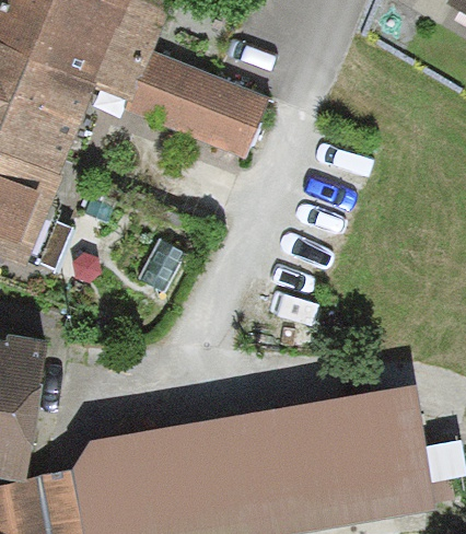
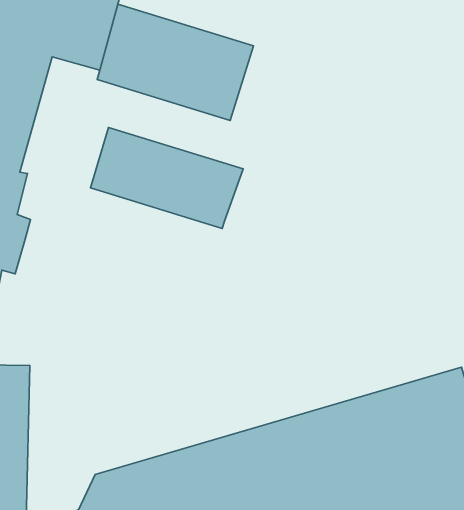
building: none -> [90,128,243,228]

